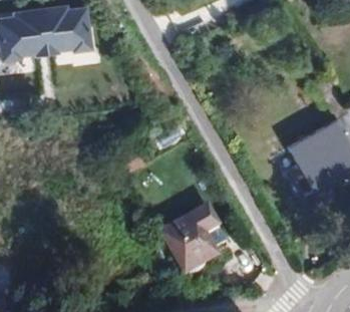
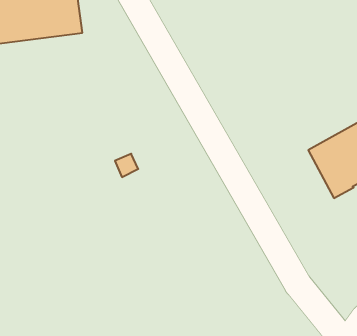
building: [163,209,231,273] -> none

